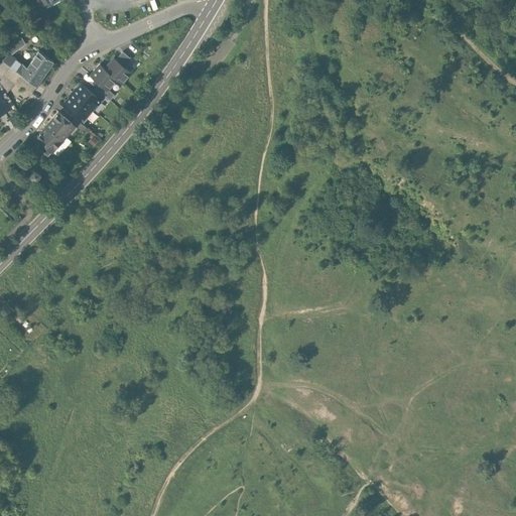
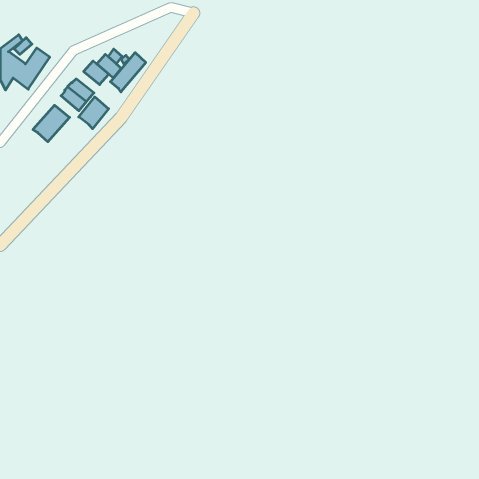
building: none -> [110,53,146,92]
building: none -> [79,97,109,129]

